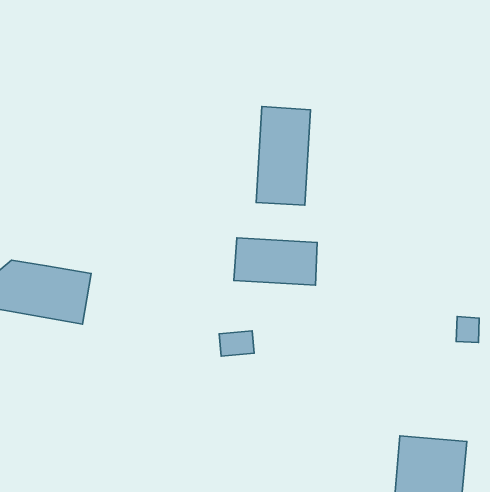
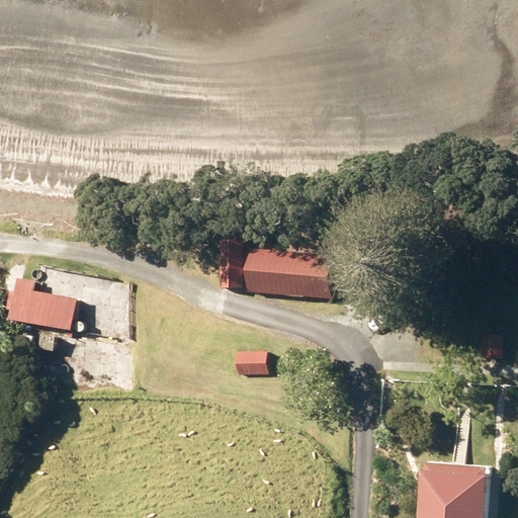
building: [256,106,310,205] -> none

